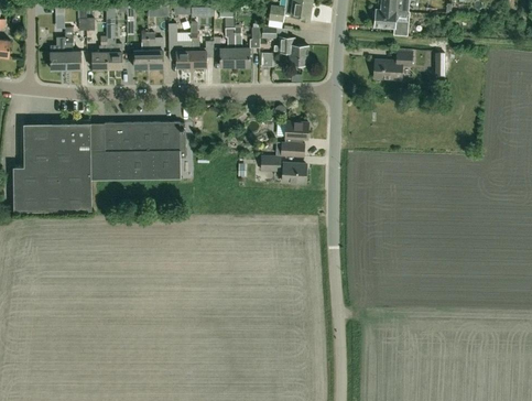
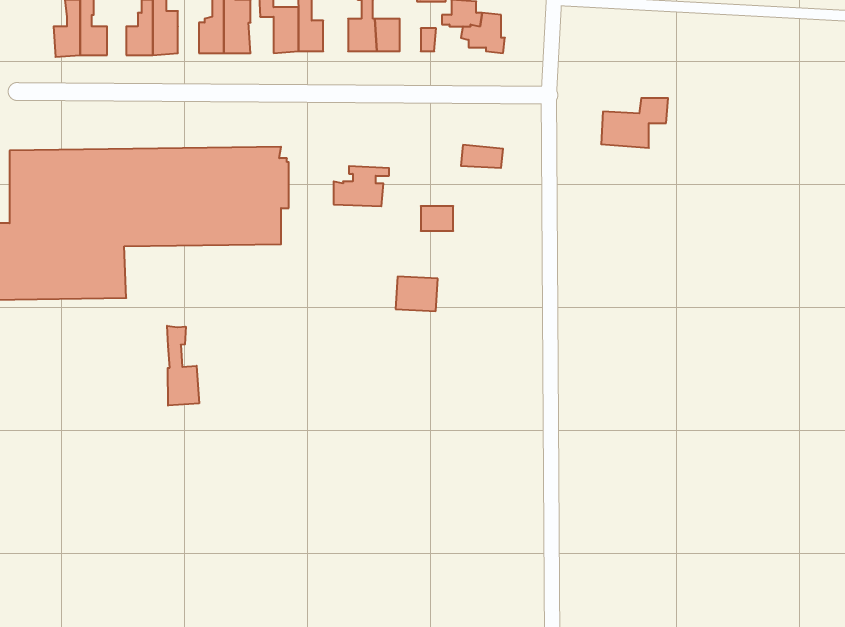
building: [374,52,413,80] -> [601,98,668,148]
building: [276,133,308,156] -> [334,166,389,206]
building: [283,163,307,183] -> [396,277,438,311]
building: none -> [167,326,199,406]

